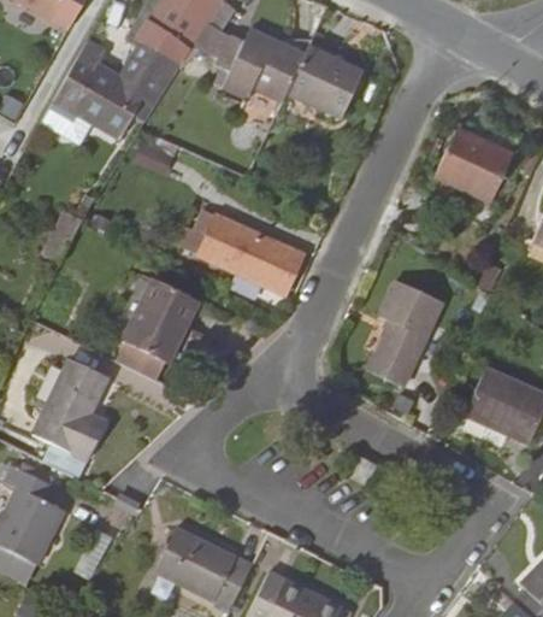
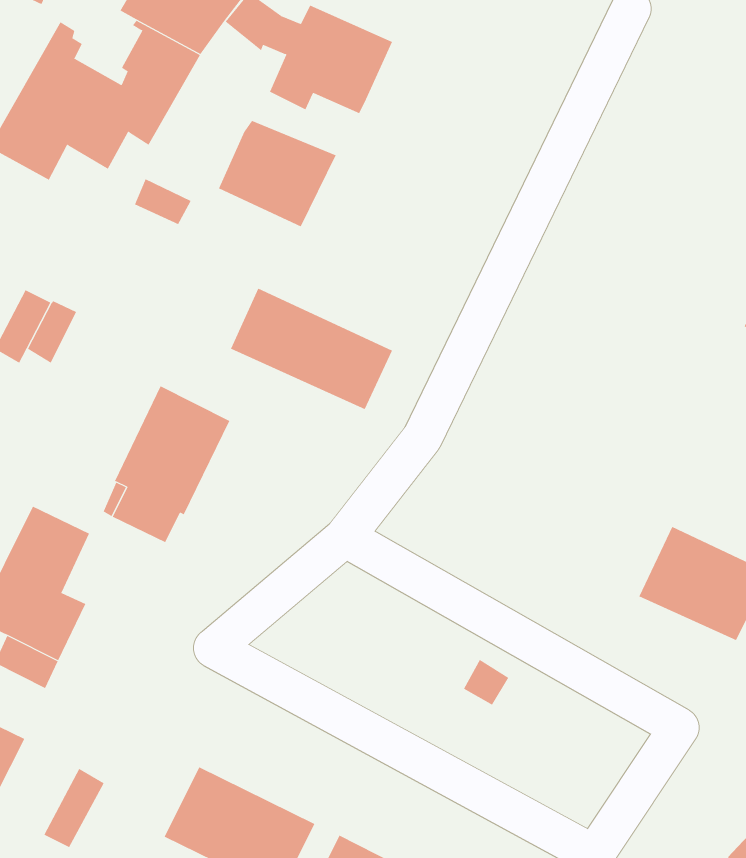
building: [288,46,365,116] -> [218,120,336,227]
building: [436,128,514,201] -> none
building: [368,280,442,386] -> none

